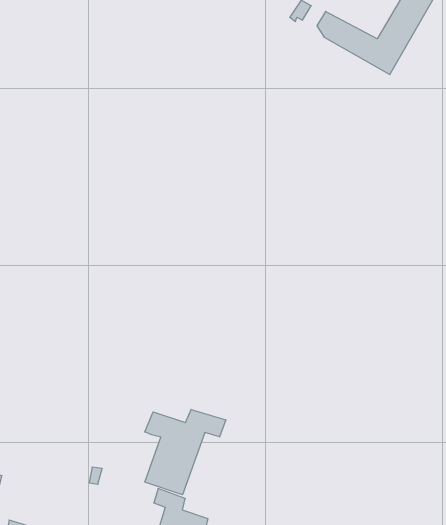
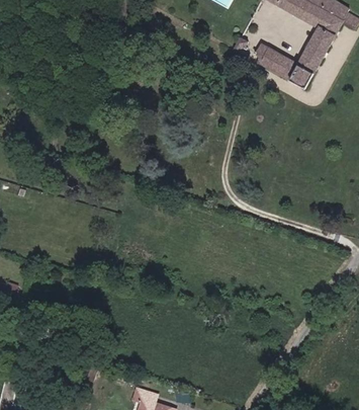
building: [145,409,226,495] -> none

